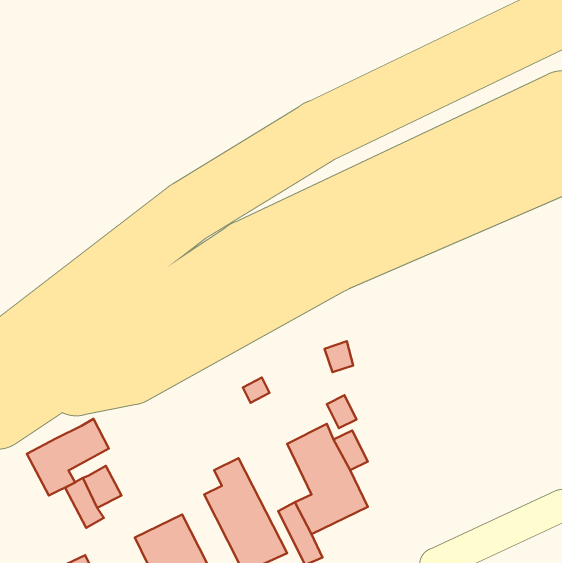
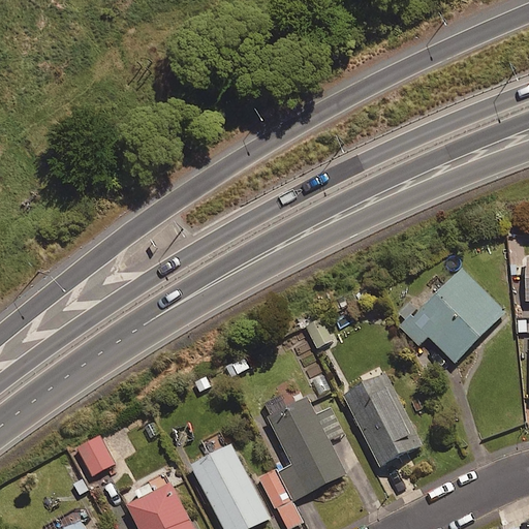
building: none -> [401,269,504,363]
building: none -> [343,372,421,466]
building: [27,419,109,496] -> none

